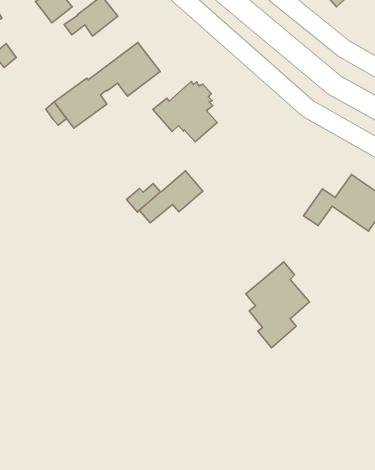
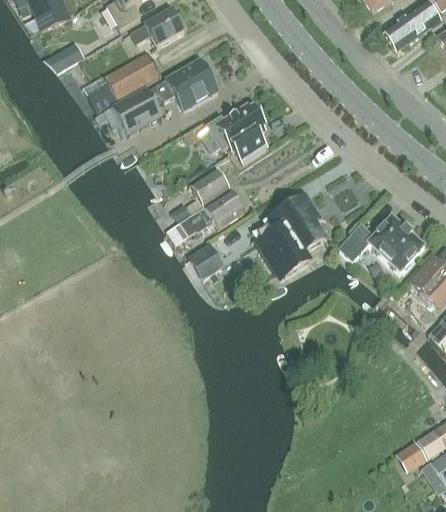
building: none -> [88,51,161,112]
building: none -> [189,168,230,207]
building: none -> [189,244,223,278]
building: [246,262,310,348] -> [263,196,324,278]

